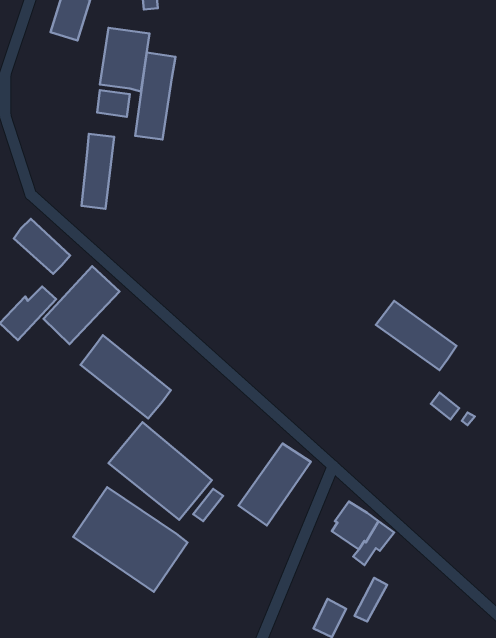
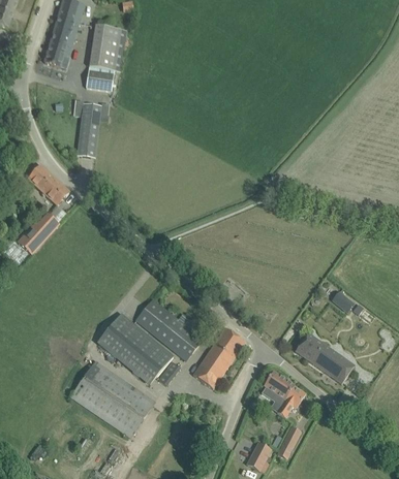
building: none -> [43,28,73,66]
building: [135,53,176,140] -> none
building: [44,266,119,344] -> none
building: [376,301,456,370] -> [294,332,352,383]
building: [80,335,171,419] -> [135,298,202,359]

